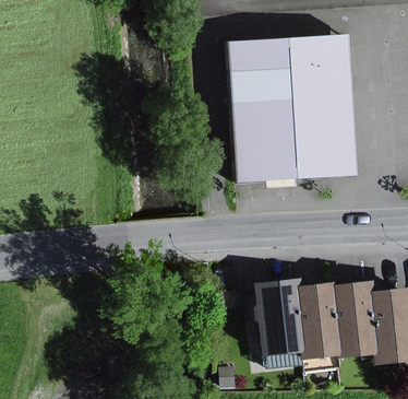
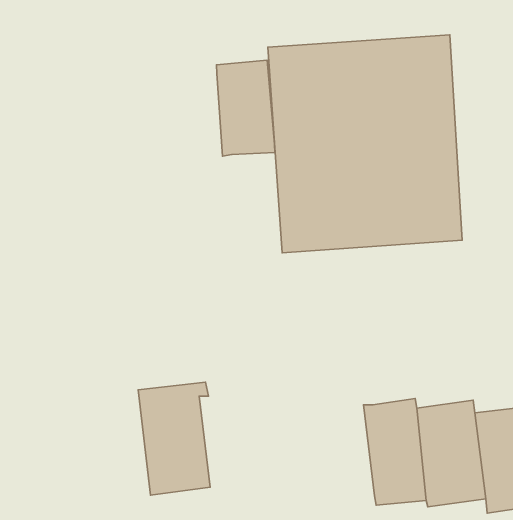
building: none -> [217,60,275,156]
building: [251,279,301,357] -> [138,382,210,495]

